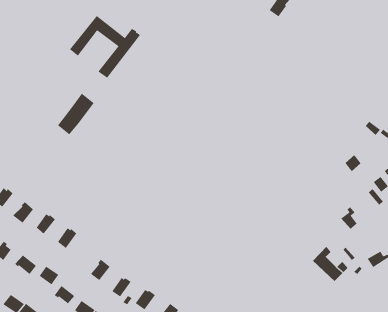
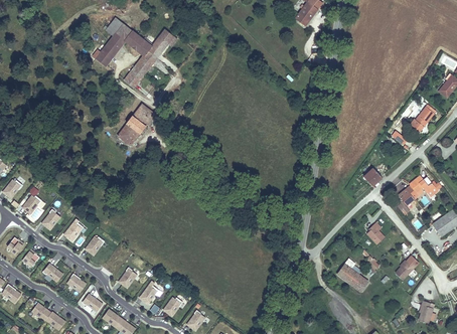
building: [57,93,95,135] -> [117,104,154,146]

